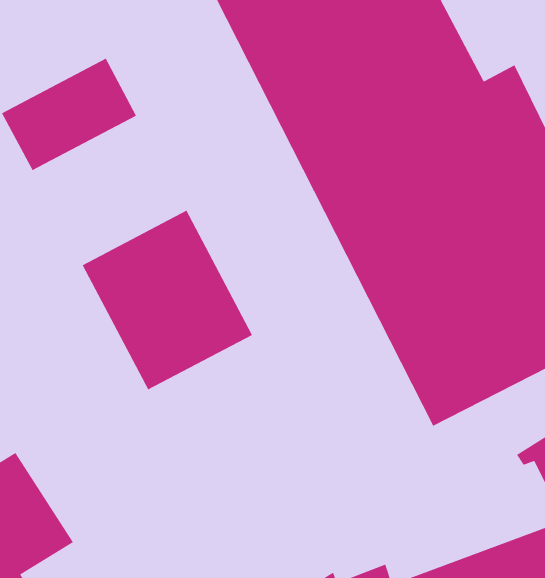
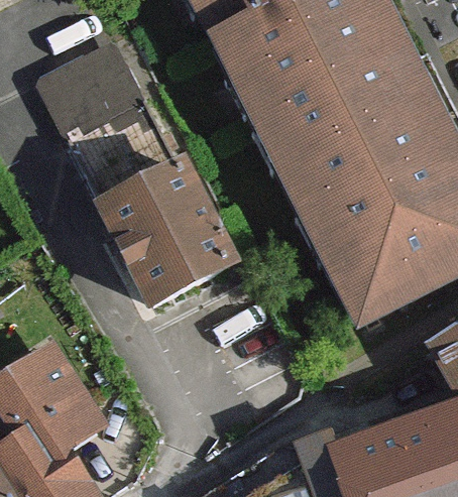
building: none -> [66,101,182,213]

